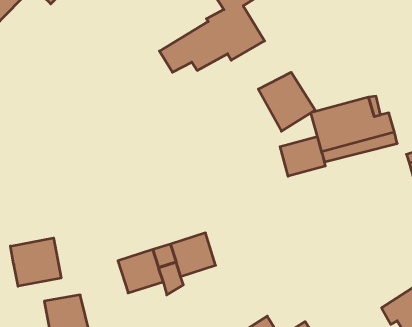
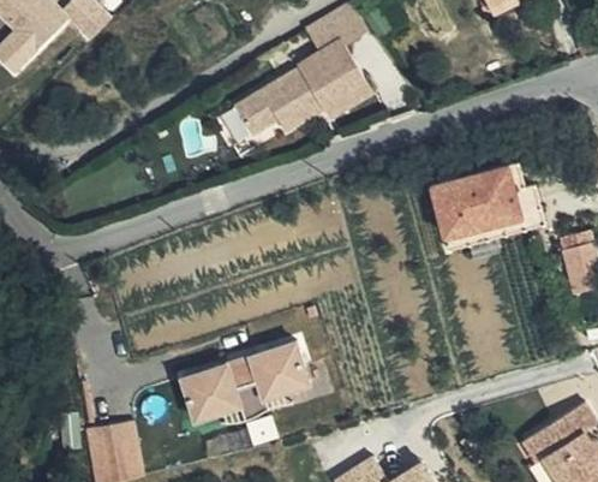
building: [258,72,315,131] -> none
building: [280,137,325,176] -> none
building: [10,238,61,286] -> none

